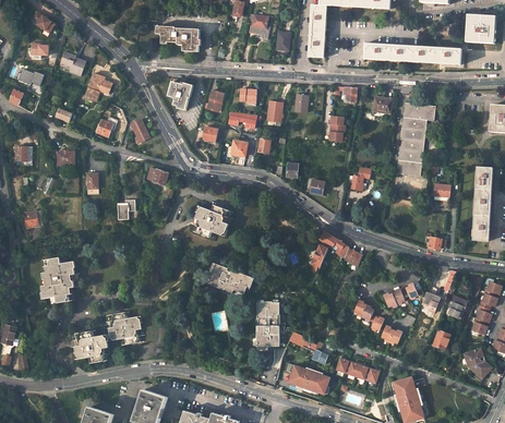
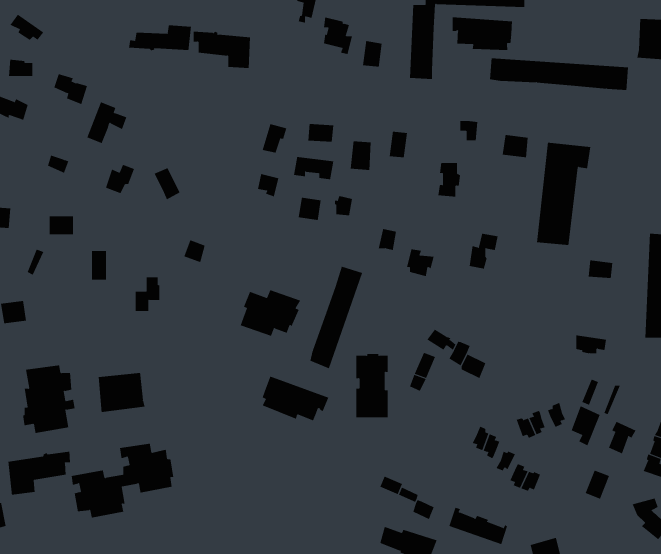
building: none -> [452,17,513,51]
building: none -> [128,25,191,51]
building: [167,78,191,107] -> none
building: none -> [310,266,363,369]
building: none -> [98,372,145,413]
building: [255,303,278,348] -> [356,354,389,418]
building: none -> [8,451,71,496]

